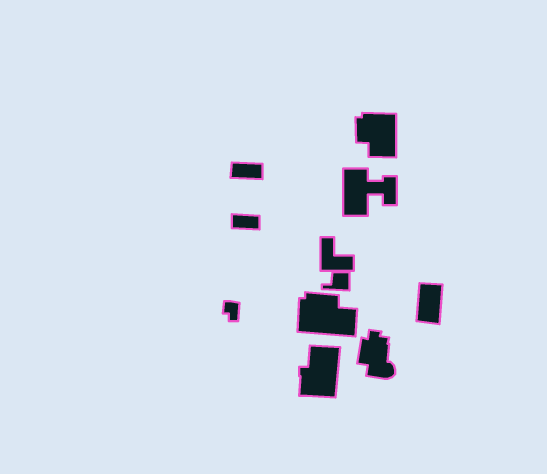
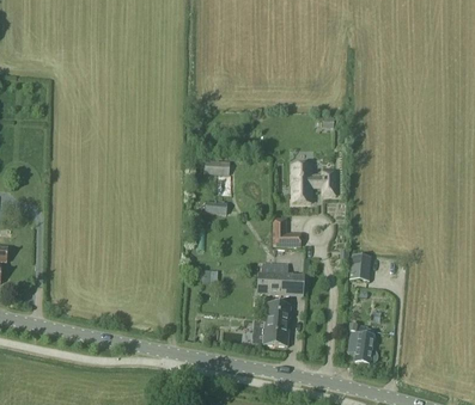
building: [356,113,396,157] -> none
building: [357,330,395,379] -> [348,324,378,362]

